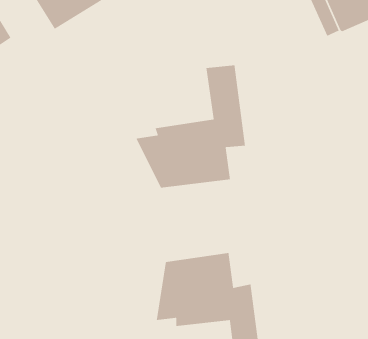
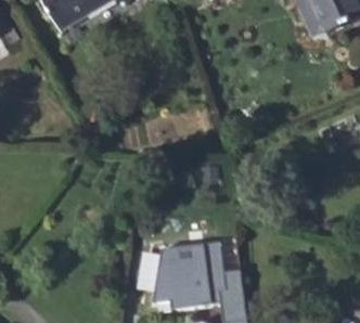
building: [135,65,246,188] -> none

